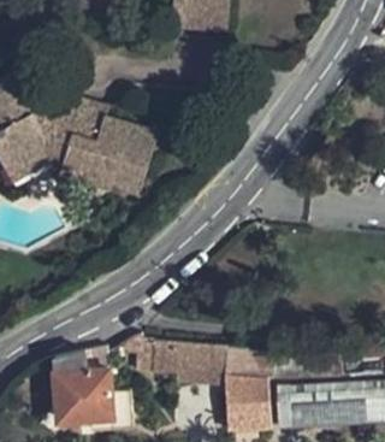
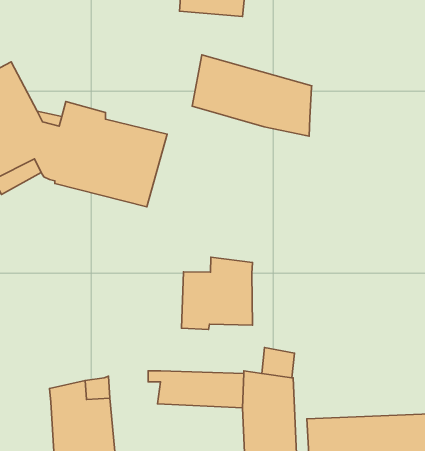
building: none -> [192,55,312,136]
building: none -> [181,257,252,330]

